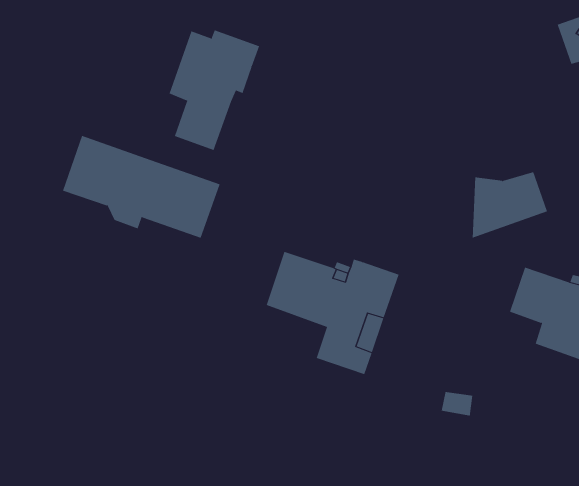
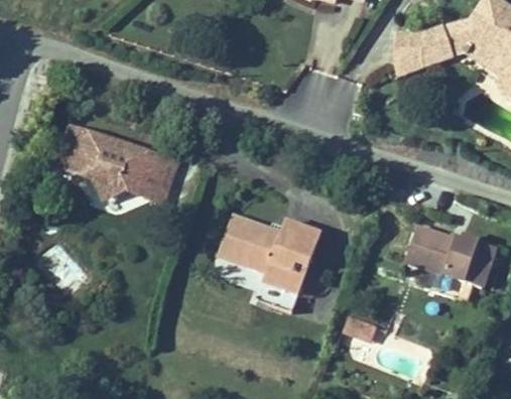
building: [169,30,260,151] -> none
building: [472,172,548,239] -> [394,30,454,83]

